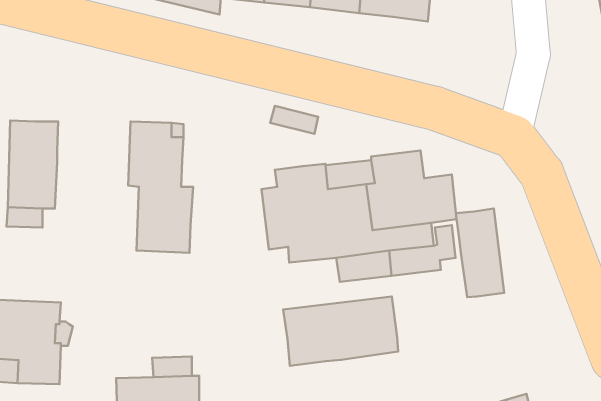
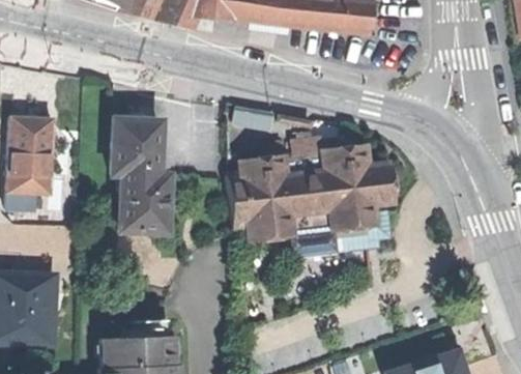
building: [456,209,504,297] -> none
building: [283,297,398,366] -> none

